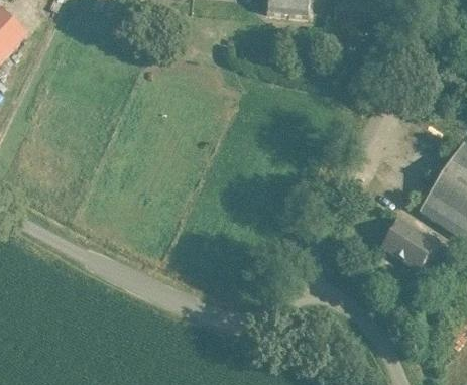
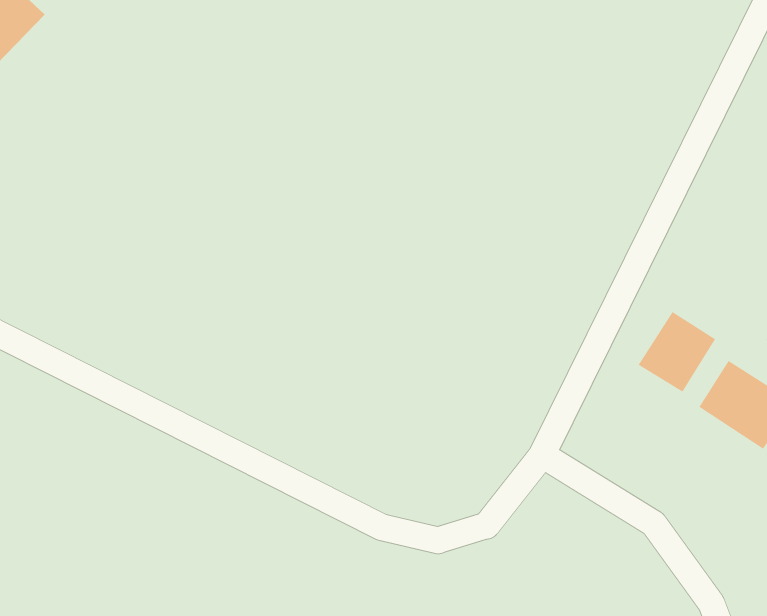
building: none -> [638,311,716,392]

